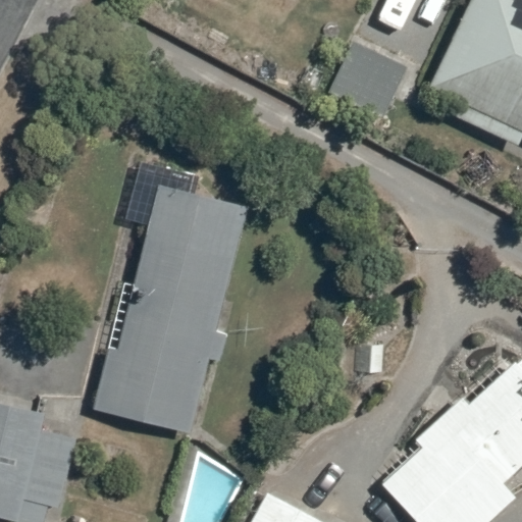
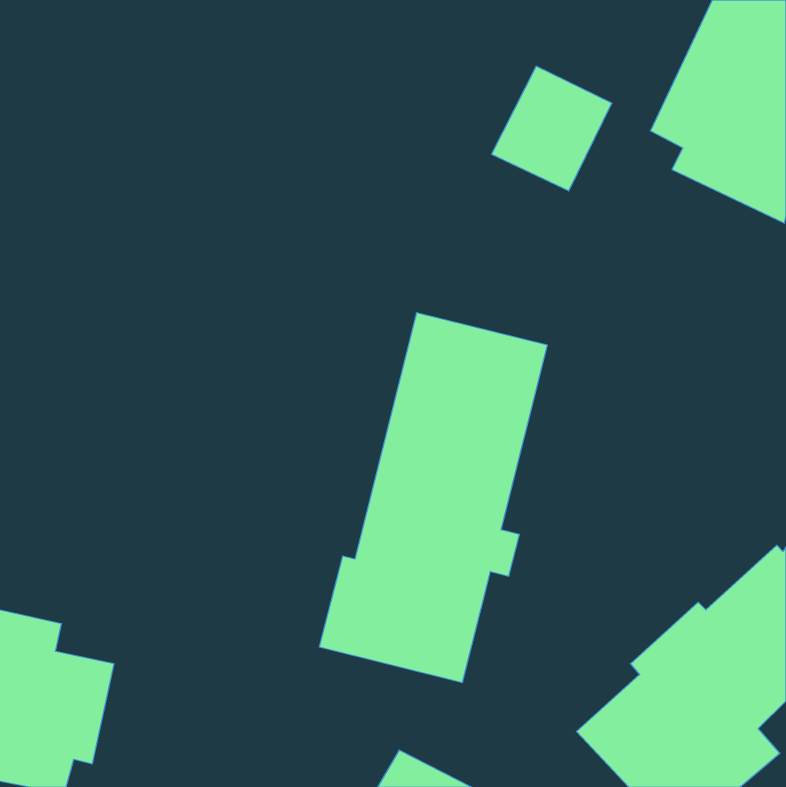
building: [95,187,246,431] -> [319,313,547,682]

